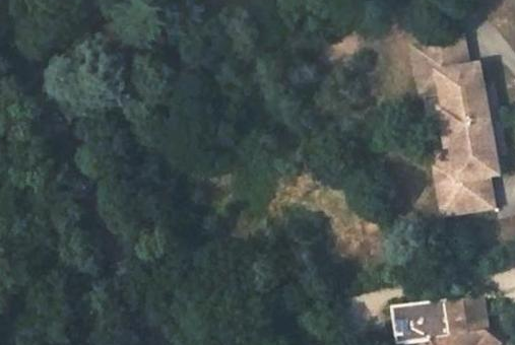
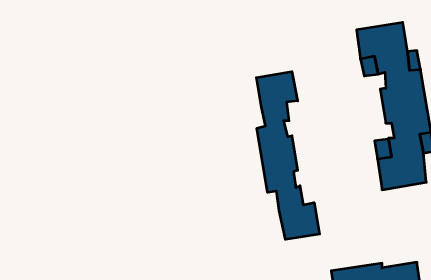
building: none -> [256,72,320,239]

